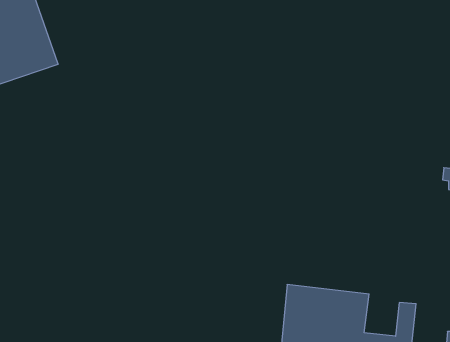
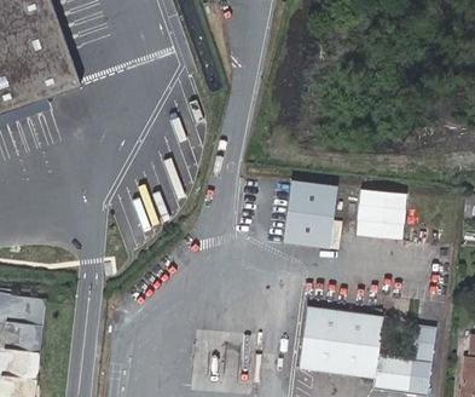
building: none -> [283,179,337,248]
building: none -> [357,185,407,236]

